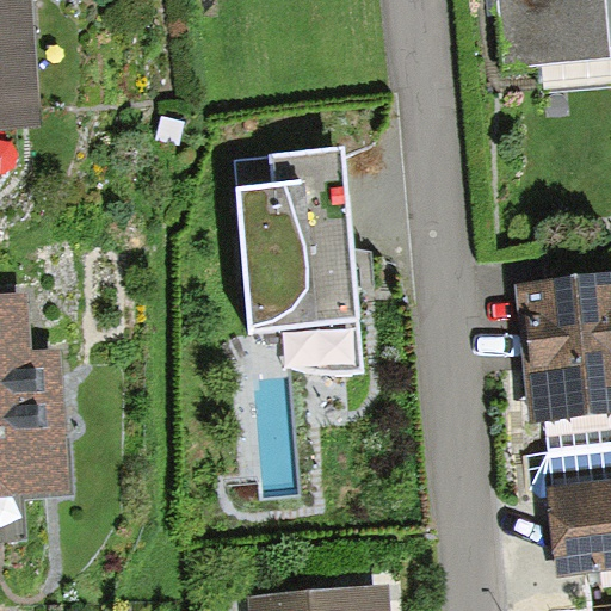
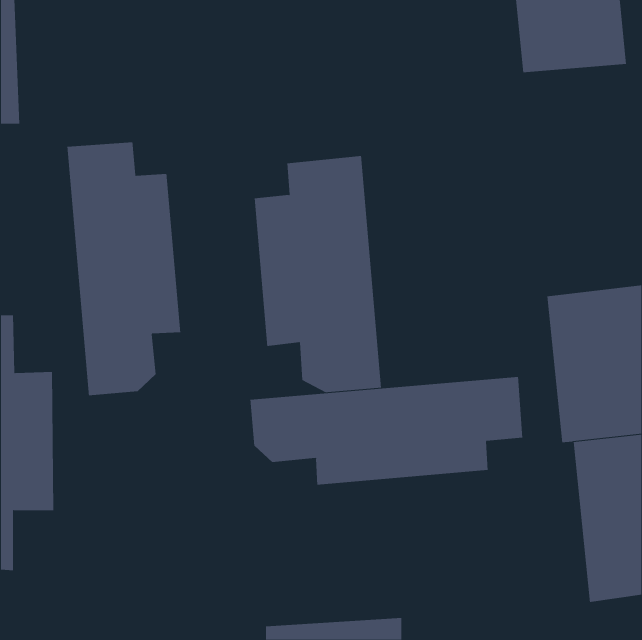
building: none -> [67,141,181,396]
building: none -> [250,376,523,486]

